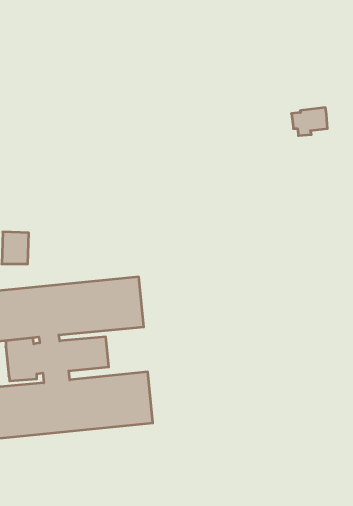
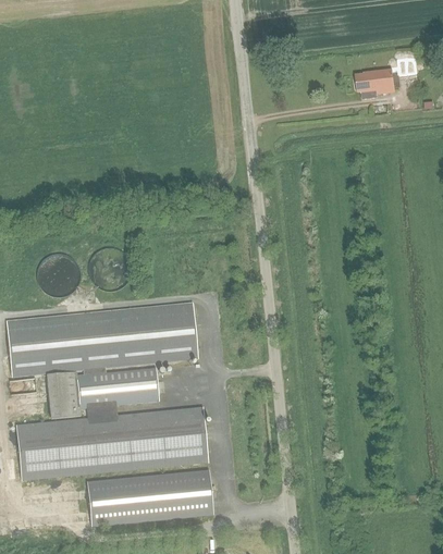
building: [291,108,327,136] -> [355,65,394,96]
building: none -> [86,469,212,525]

